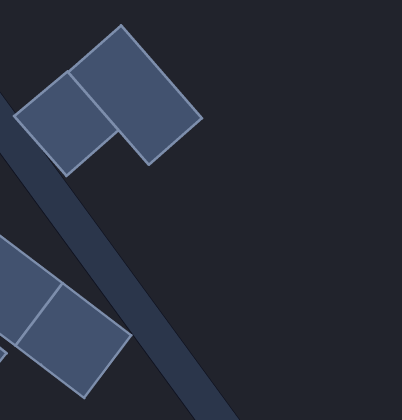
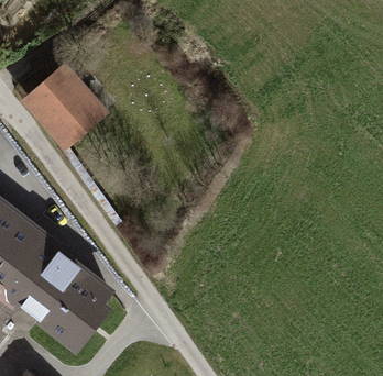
building: [68,25,202,165] -> none

